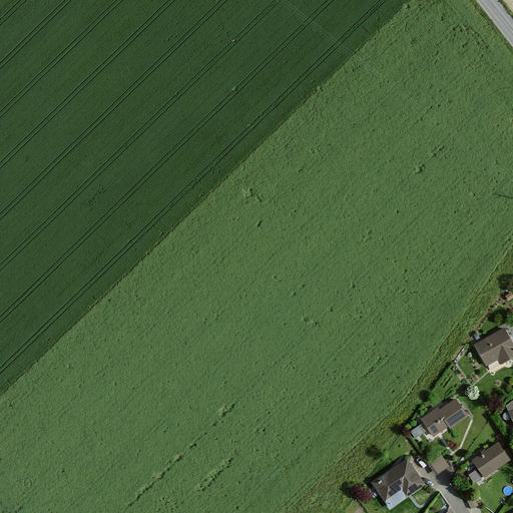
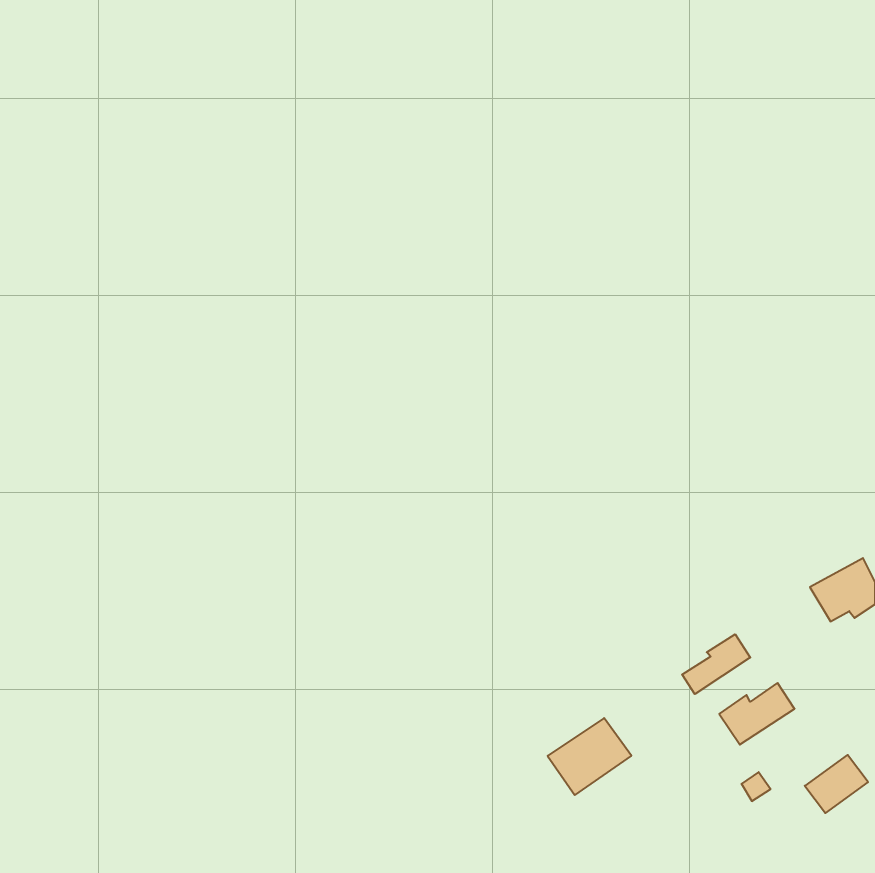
building: none -> [682,634,750,694]
building: [374,460,423,505] -> [548,718,631,795]

